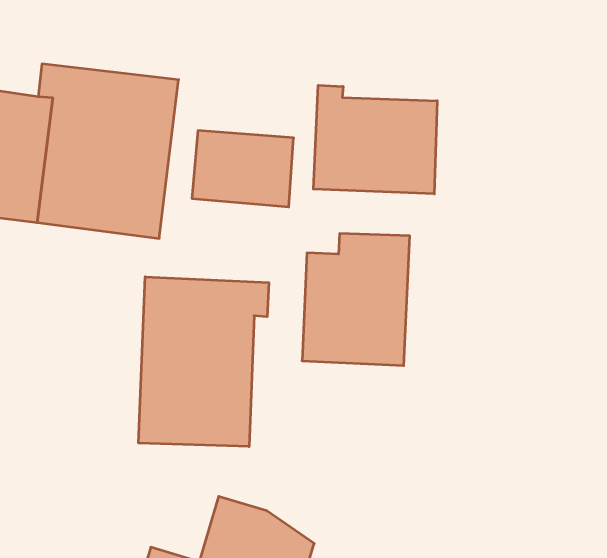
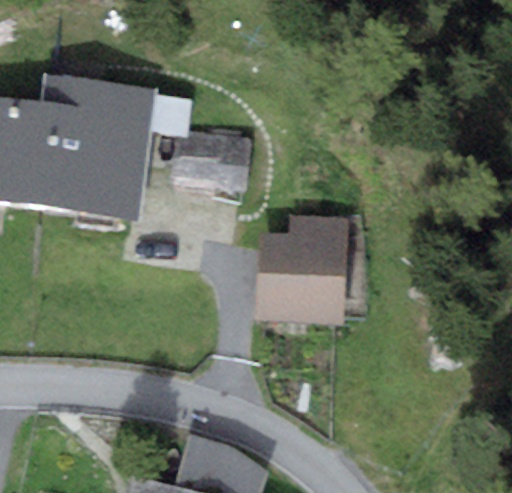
building: [313,85,437,194] -> none
building: [139,277,269,447] -> none

